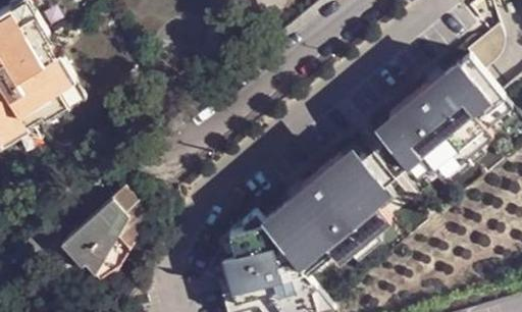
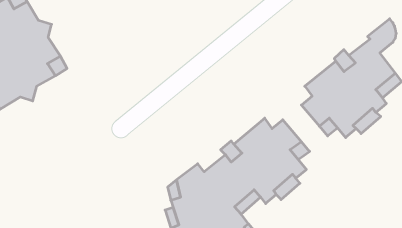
building: [63,187,142,285] -> none

